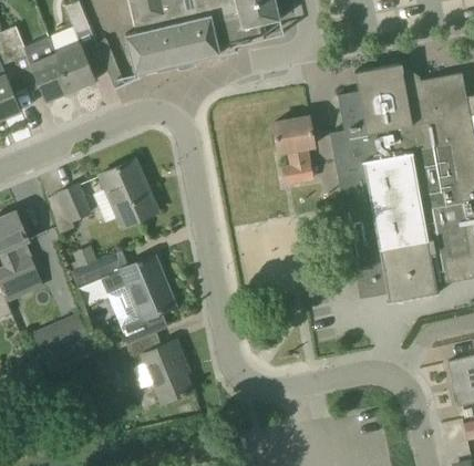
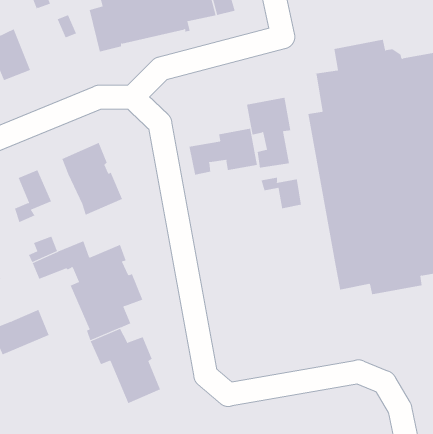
building: [55,43,96,91] -> none
building: none -> [189,128,257,176]
building: none -> [261,177,302,209]

